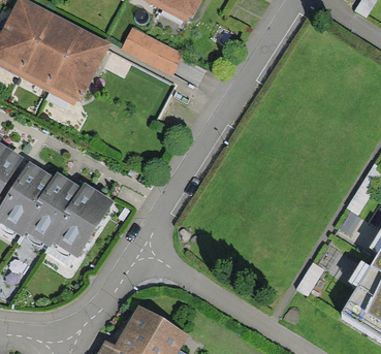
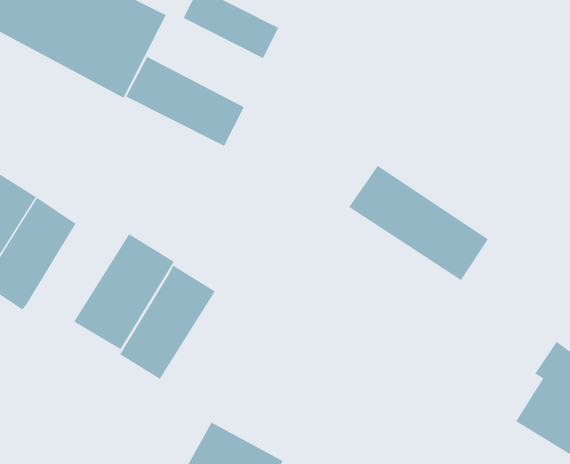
building: none -> [125,56,245,147]
building: none -> [348,165,489,281]
building: [20,174,83,250] -> [119,264,216,380]

